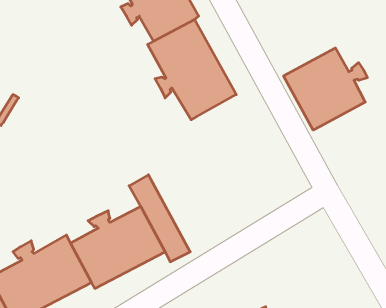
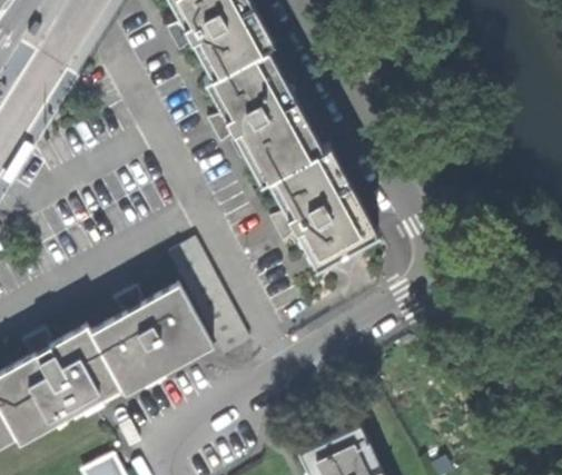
building: [284,48,367,130] -> none
building: none -> [265,138,373,260]

